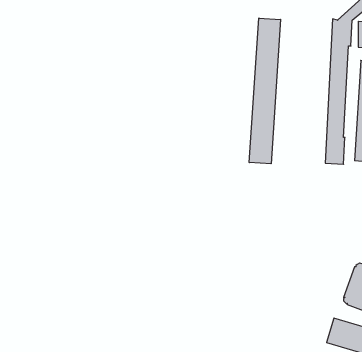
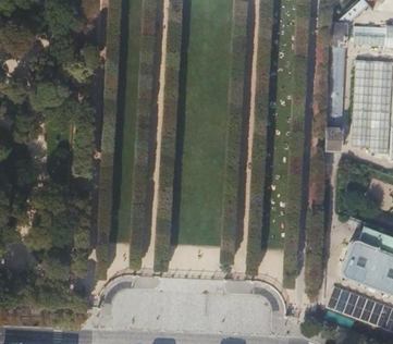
building: [249,18,281,164] -> none

